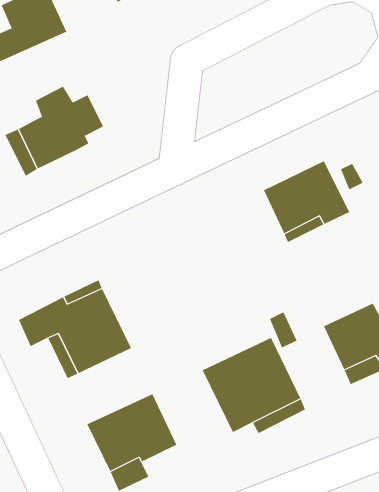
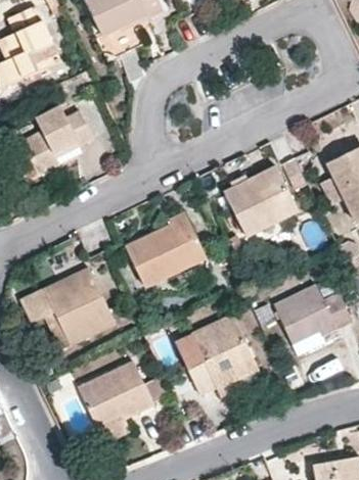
building: none -> [127,212,205,285]

